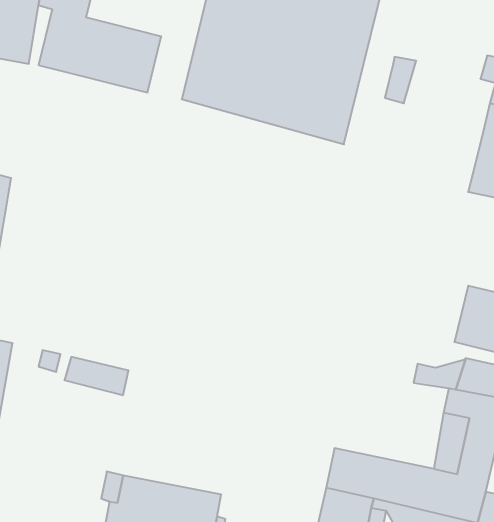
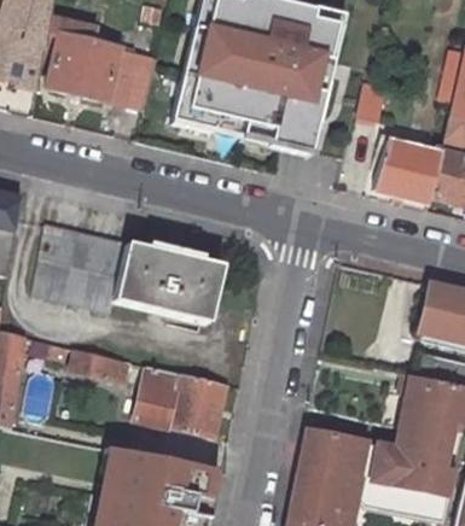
building: none -> [372,146,438,205]
building: none -> [29,223,219,318]
building: none -> [128,362,225,434]

